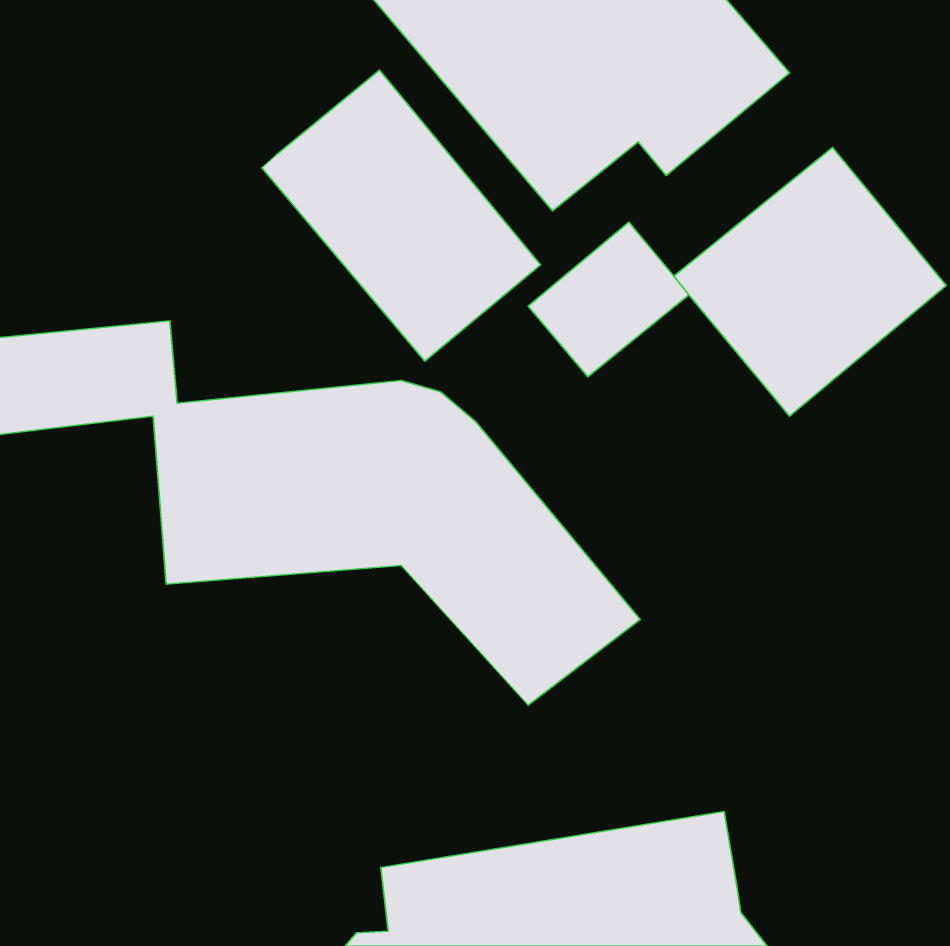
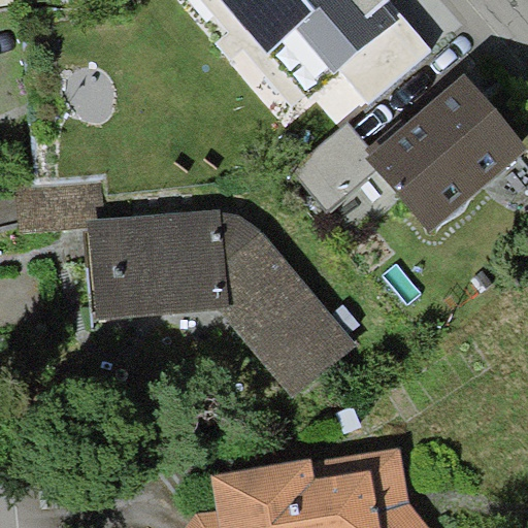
building: [262,70,540,361] -> none

